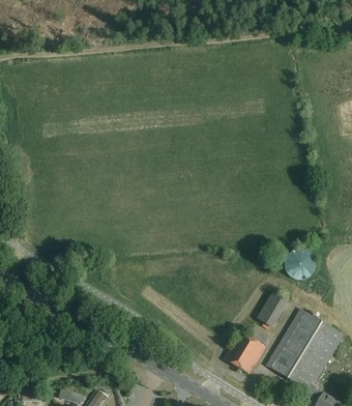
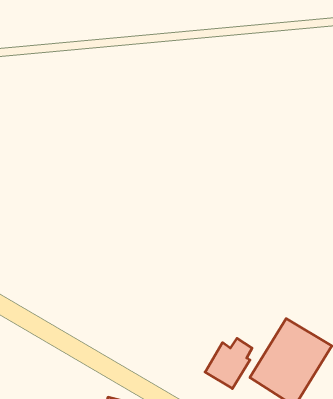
building: [284,249,314,281] -> none
building: [256,291,288,327] -> none

